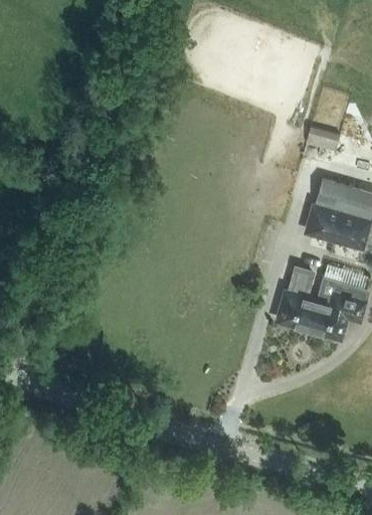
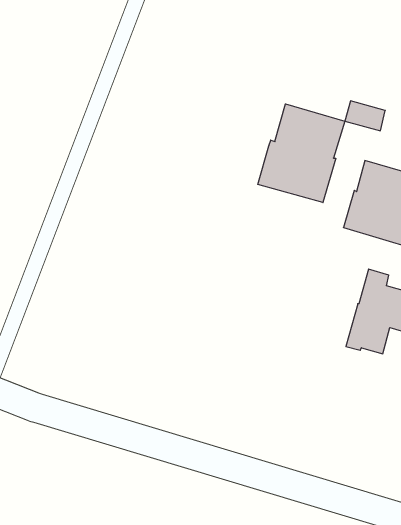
building: none -> [258,104,345,203]
building: [277,266,318,334] -> none

